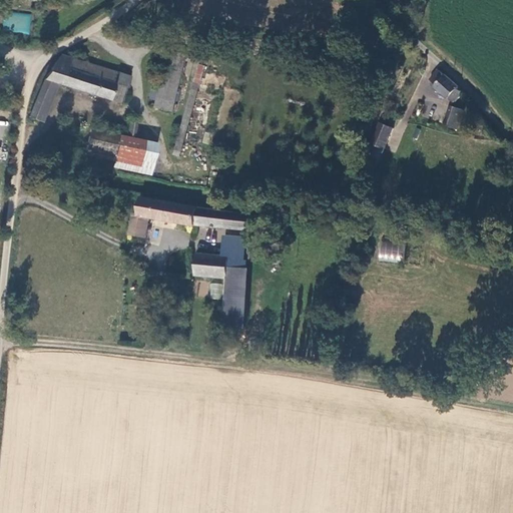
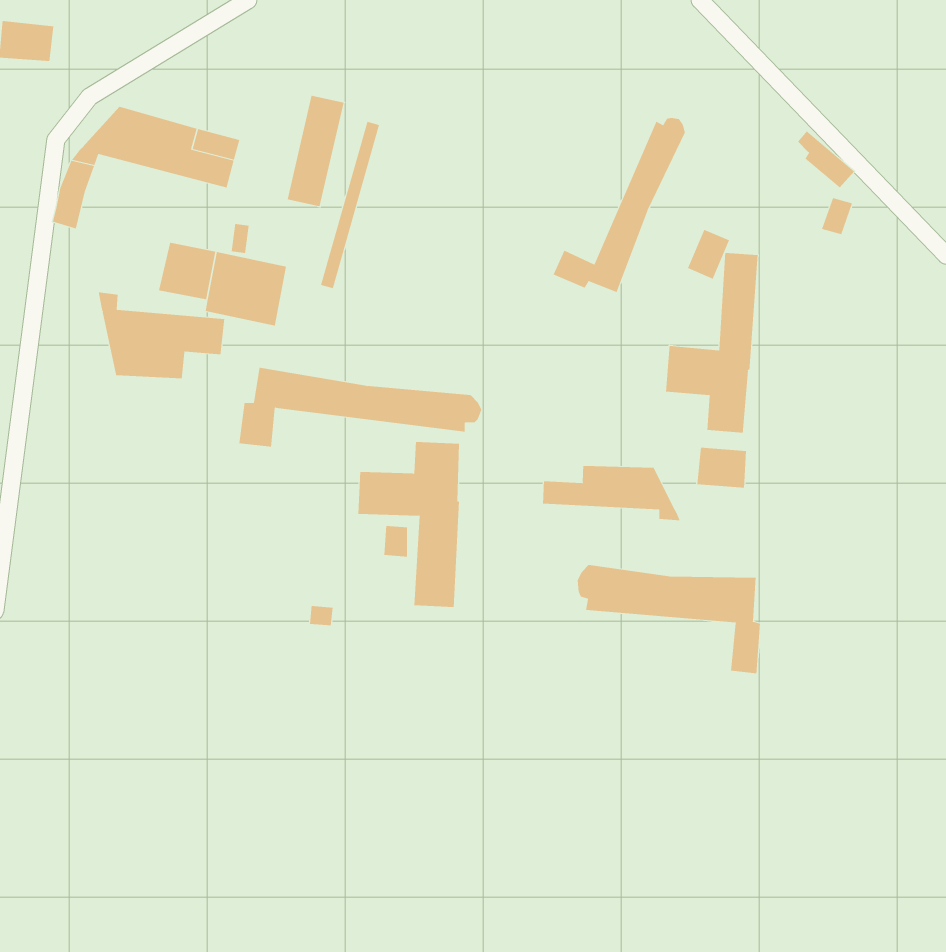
building: none -> [553,117,685,293]
building: none -> [666,252,758,433]
building: none -> [98,292,225,379]
building: none -> [543,465,681,521]
building: none -> [577,564,760,674]

